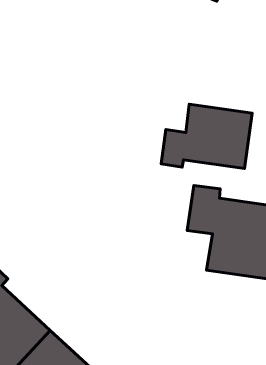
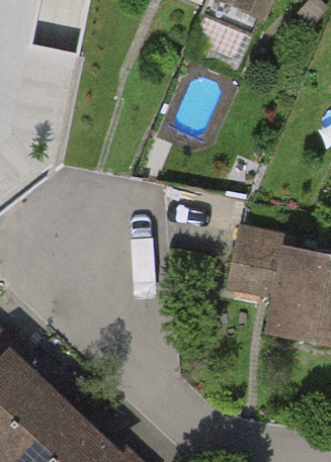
building: [161,104,252,168] -> none

